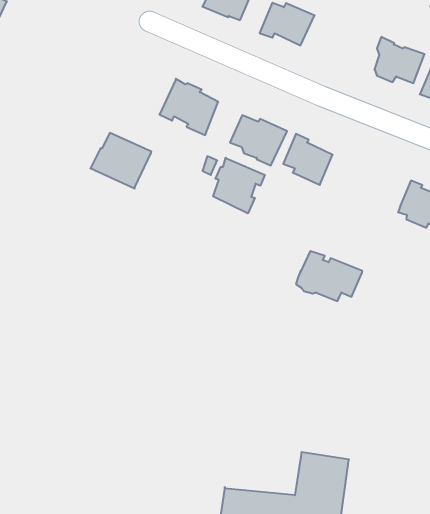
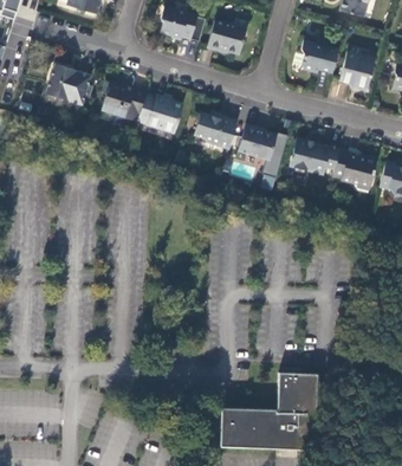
building: none -> [44,63,90,104]
building: [90,133,151,189] -> [99,80,145,122]
building: [213,158,265,213] -> none
building: [296,251,362,301] -> [288,137,339,174]

